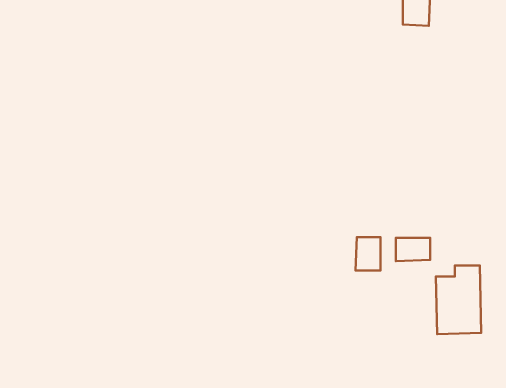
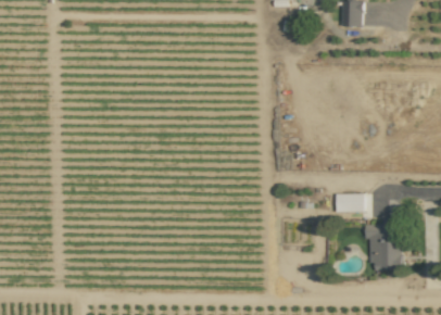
building: [355,237,381,271] -> none

